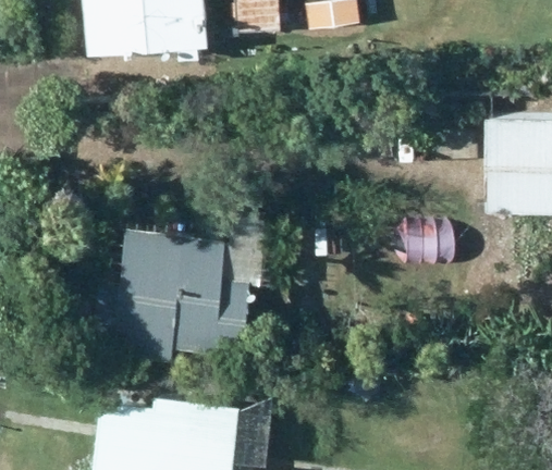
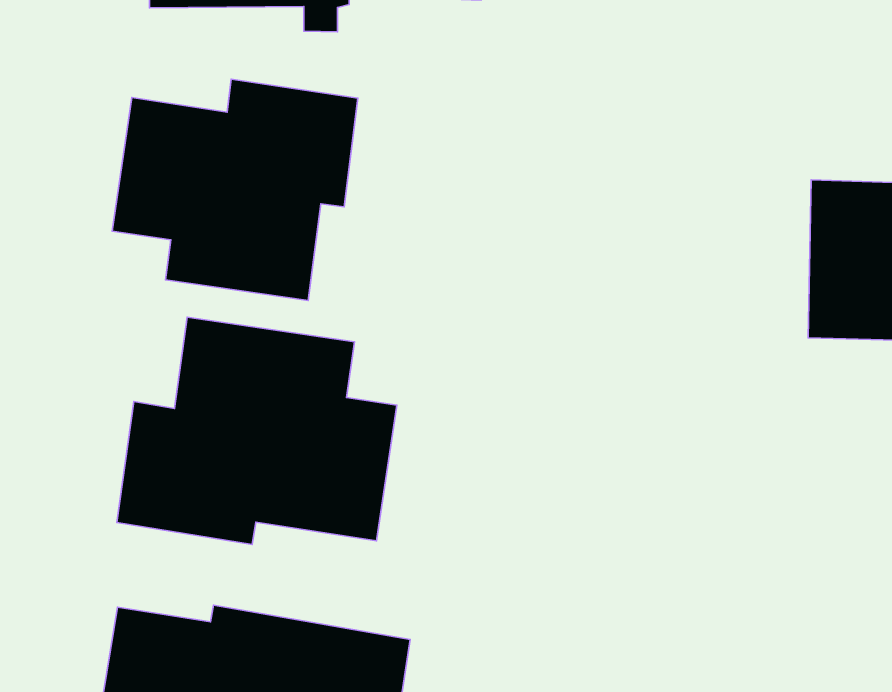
building: none -> [112,79,358,301]

